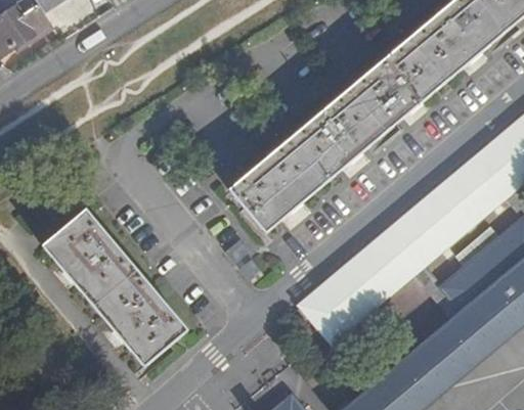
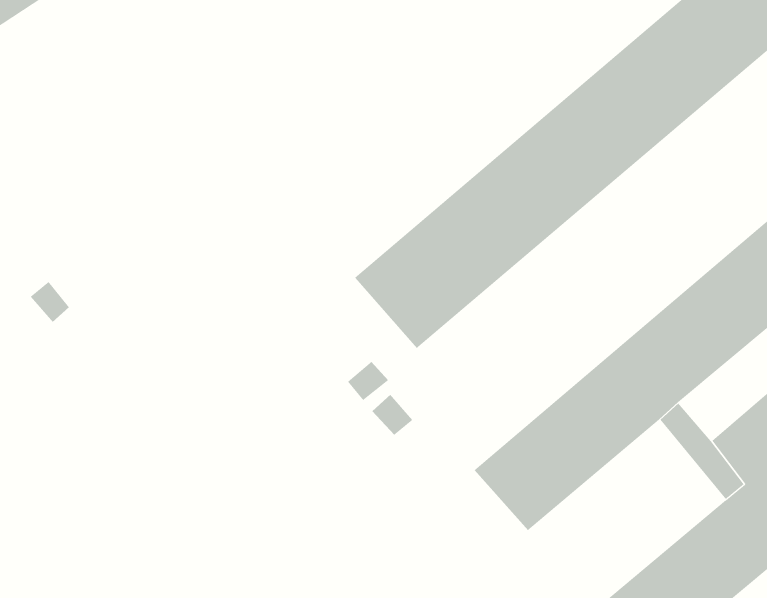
building: [43,209,187,365] -> none

